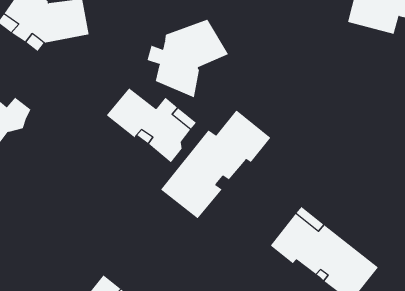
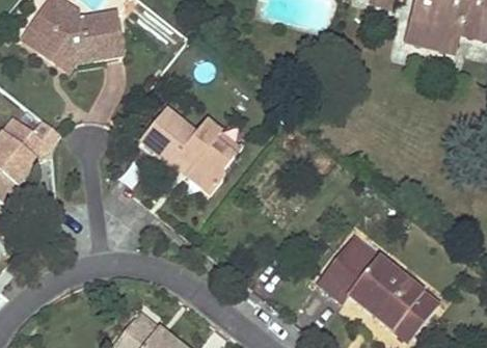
building: [147,19,229,98] -> none
building: [160,110,271,219] -> none

